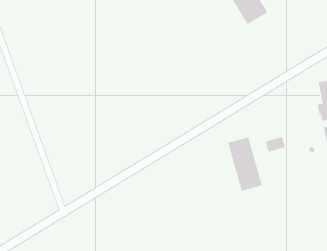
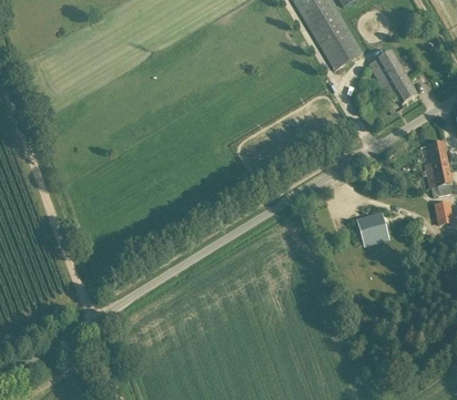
building: none -> [368,50,416,103]
building: [227,136,263,192] -> none

